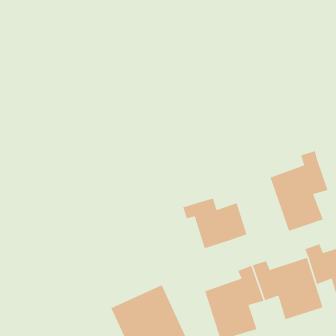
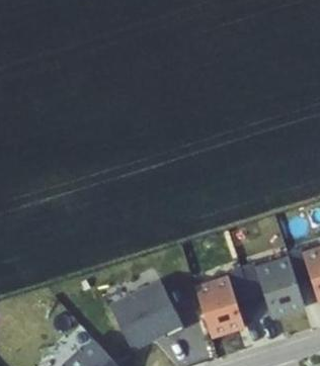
building: [269,150,328,232] -> none
building: [182,198,247,249] -> none

